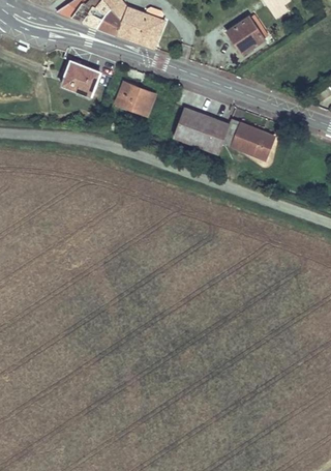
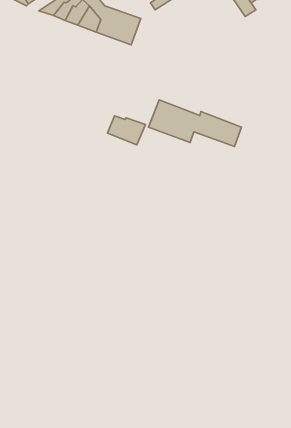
building: [228,18,265,54] -> none
building: [61,63,100,97] -> none
building: [115,84,155,115] -> [108,116,145,145]

